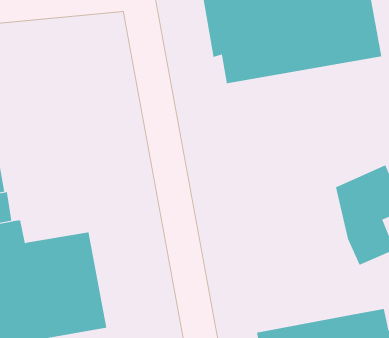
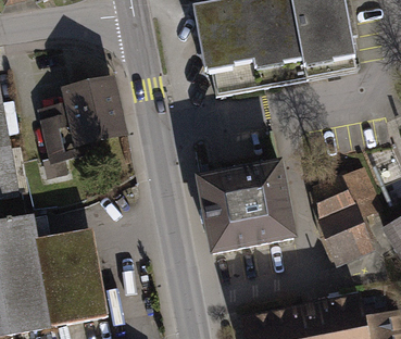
building: none -> [43,80,124,175]
building: none -> [199,163,295,251]

